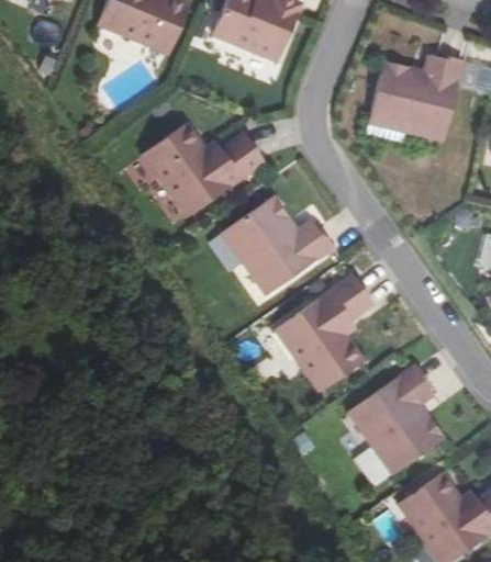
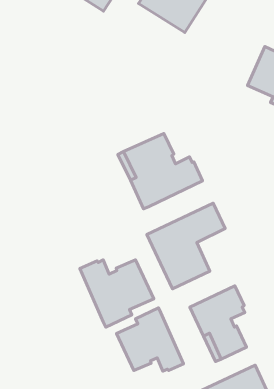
building: [142,123,264,217] -> none
building: none -> [80,260,154,327]
building: none -> [116,308,184,371]

